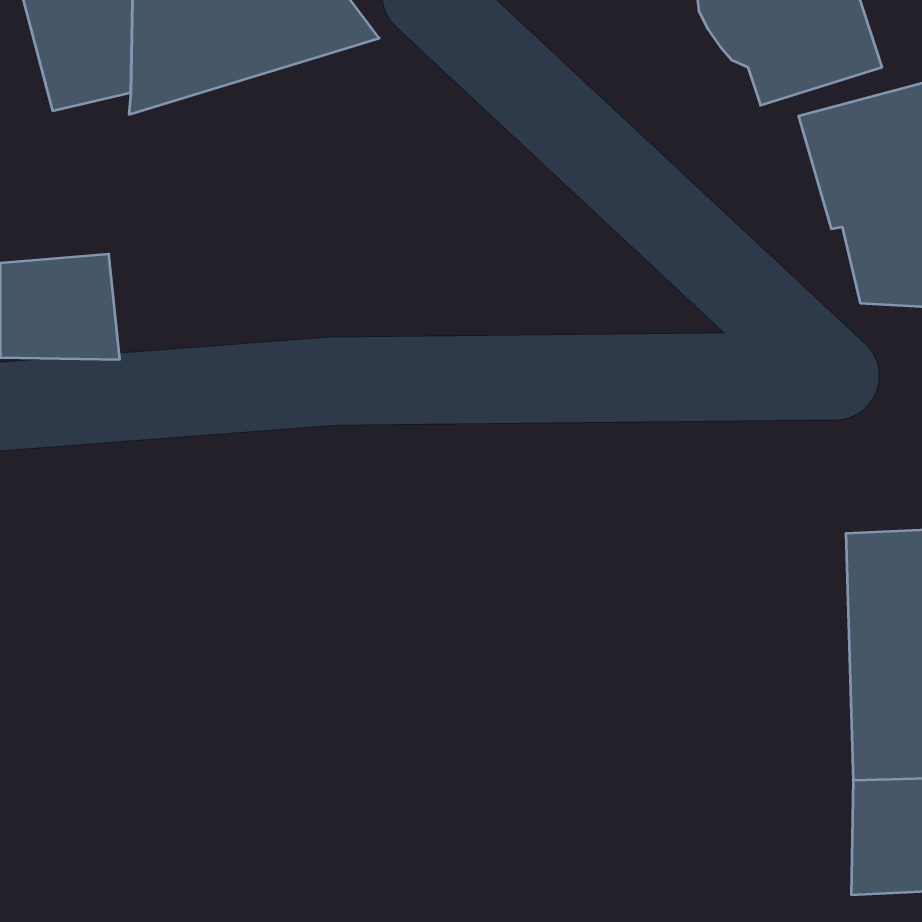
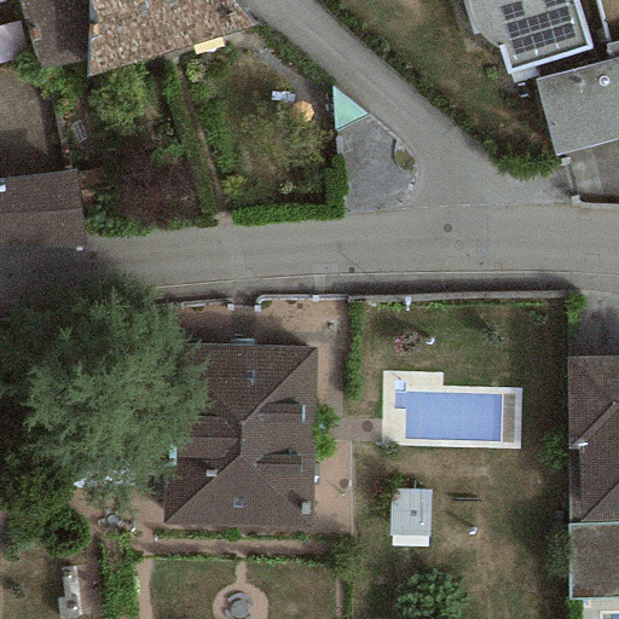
building: none -> [164,341,318,528]

